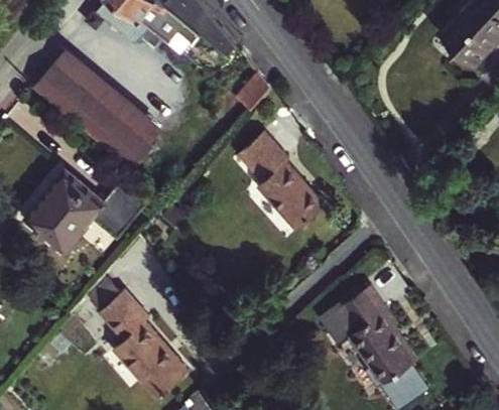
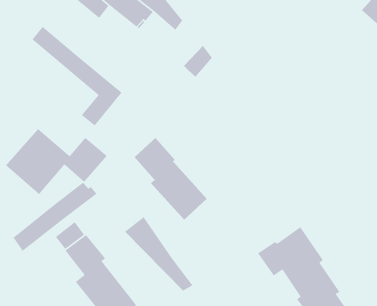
building: [39,67,135,155] -> none
building: [240,137,326,234] -> [134,137,208,221]
building: none -> [12,182,97,252]
building: none -> [124,216,193,292]

